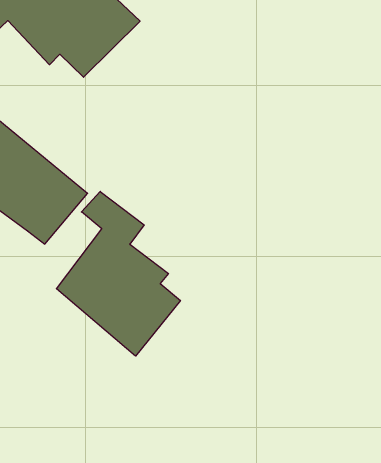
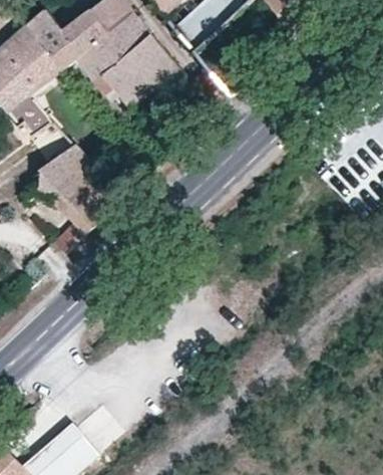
building: [56,191,180,356] -> none

